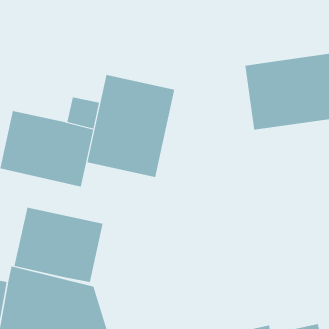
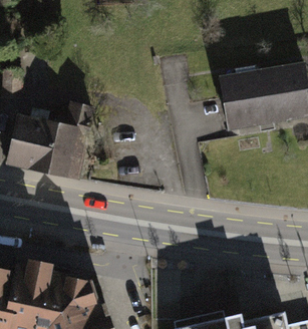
building: [87,74,175,178] -> none
building: [14,207,103,283] -> none

